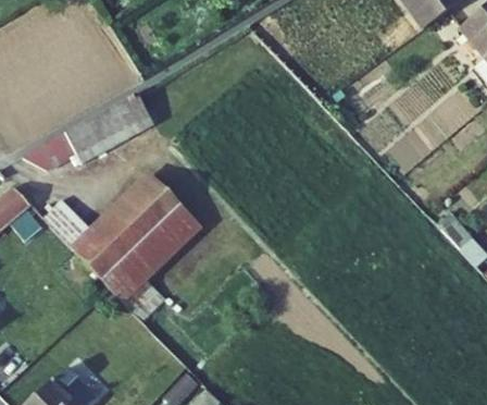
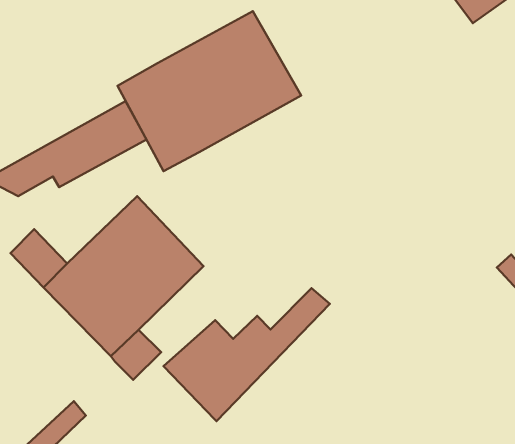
building: none -> [117,11,301,171]
building: none -> [164,288,330,421]

